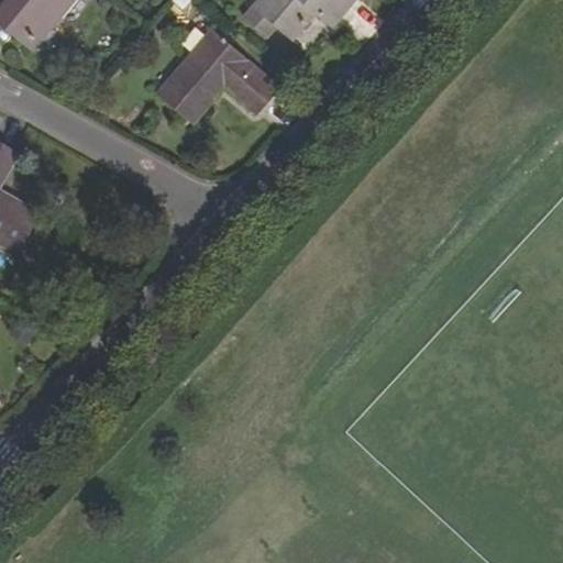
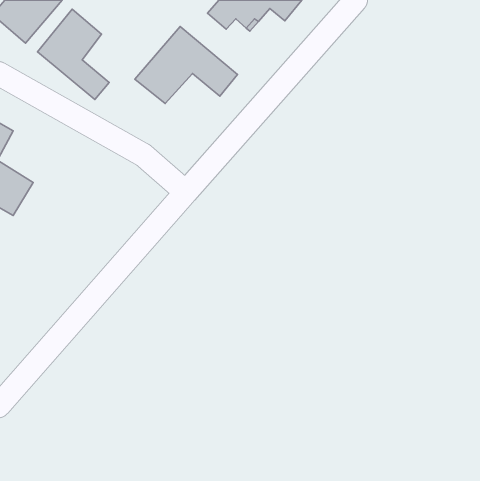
building: none -> [37,9,109,100]

